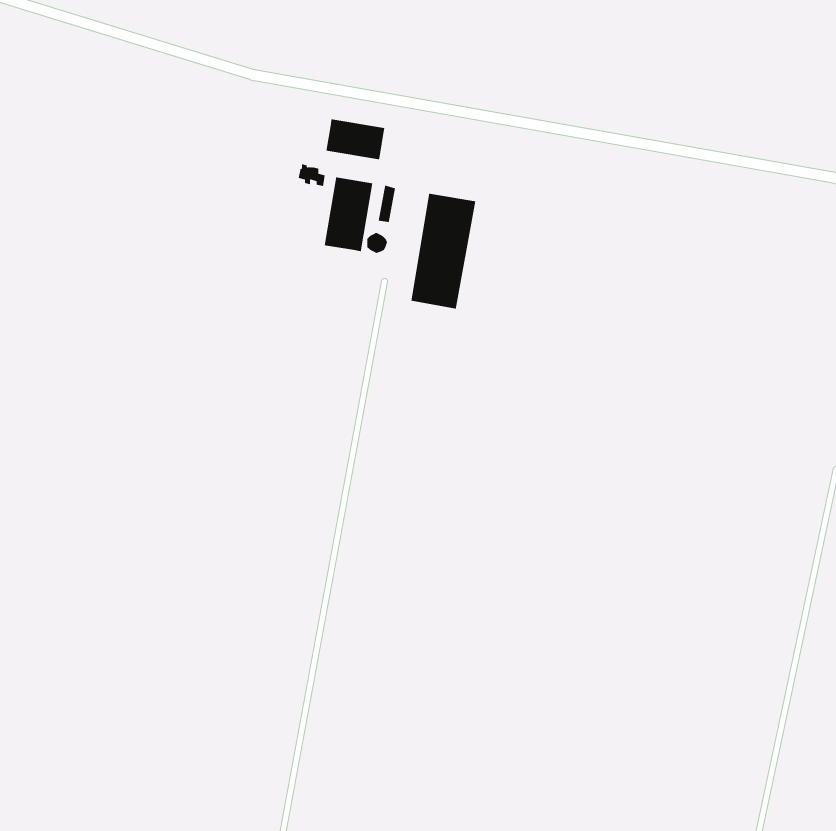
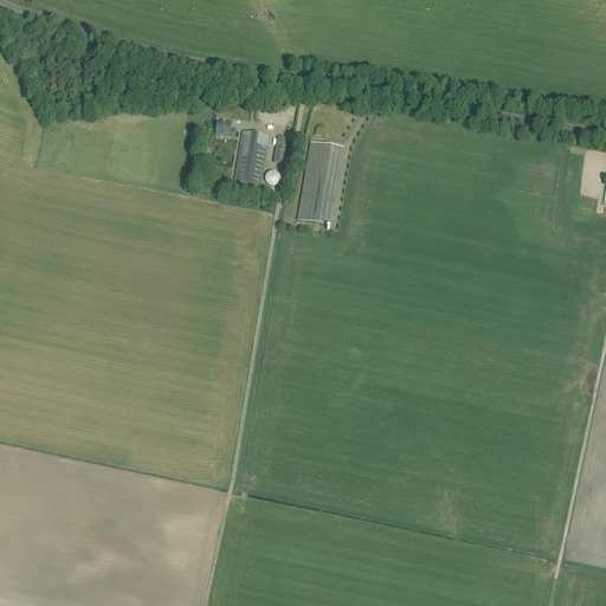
building: [326,119,385,160] -> none

